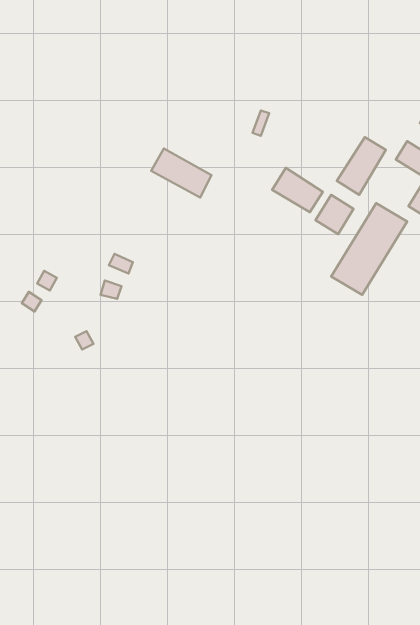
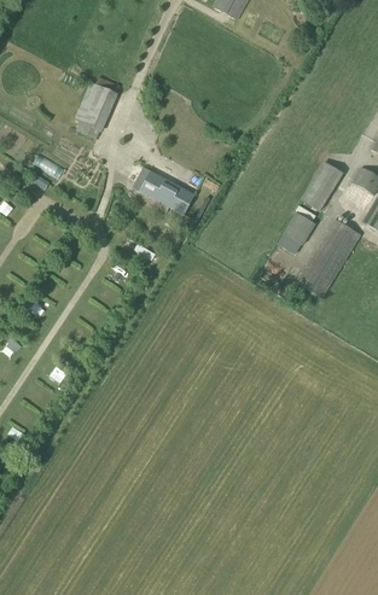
building: none -> [74,76,120,132]
building: [272,168,323,212] -> none

